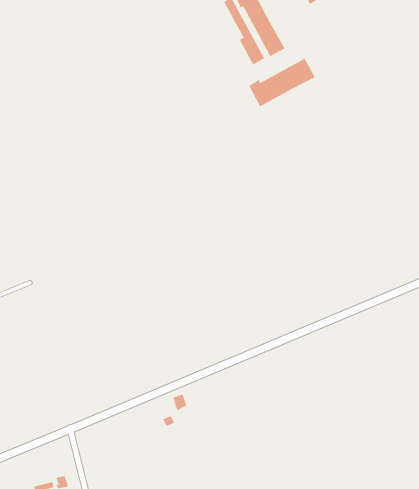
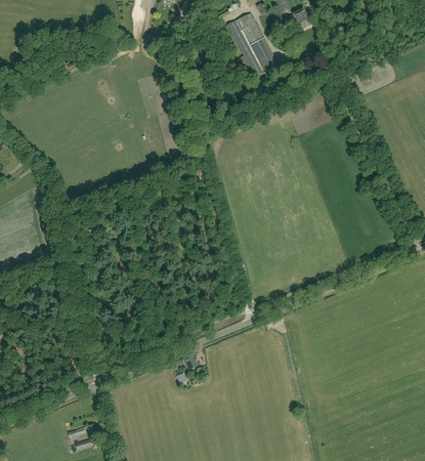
building: [248,58,316,107] -> none

